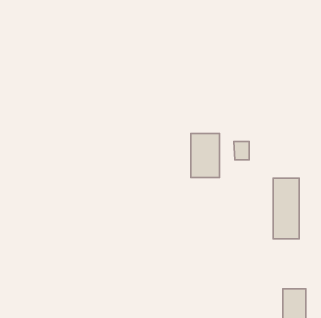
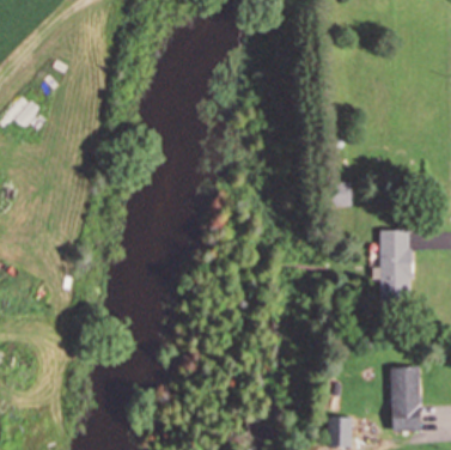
building: [191,134,220,178] -> none

